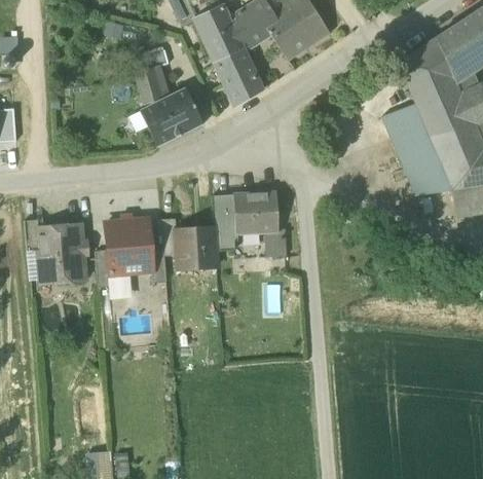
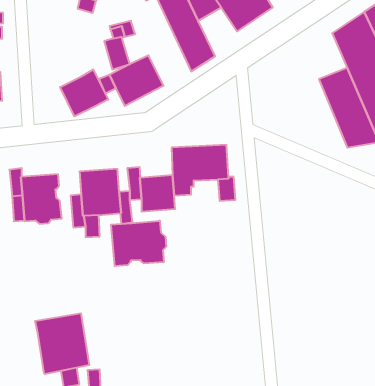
building: none -> [60,69,108,116]
building: none -> [111,221,166,266]
building: none -> [35,313,89,374]

